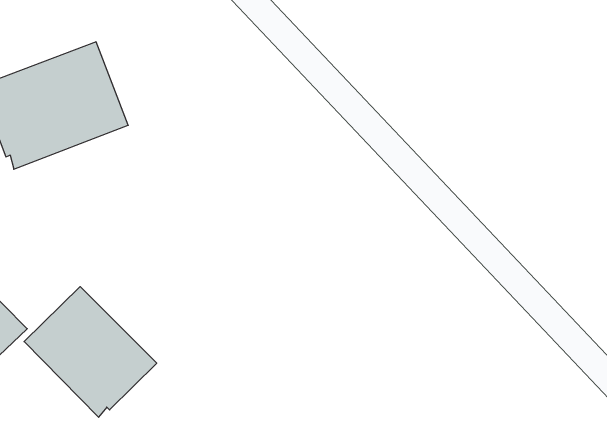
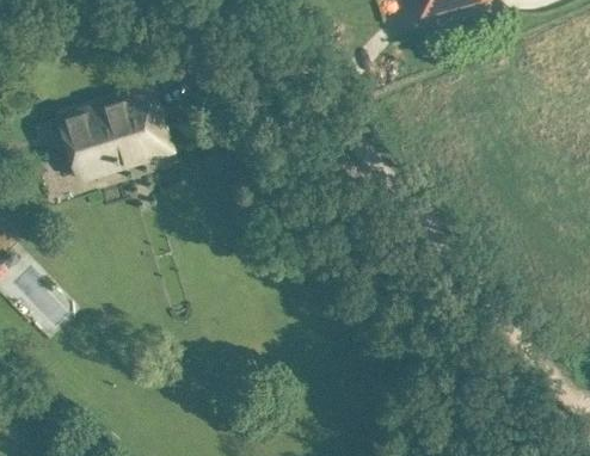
building: [24,287,157,417] -> none

